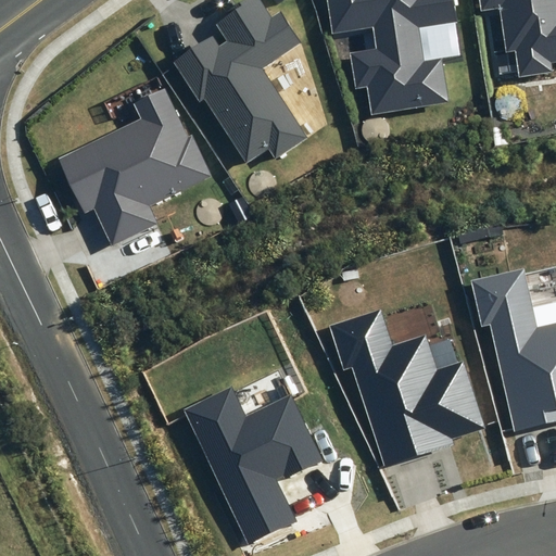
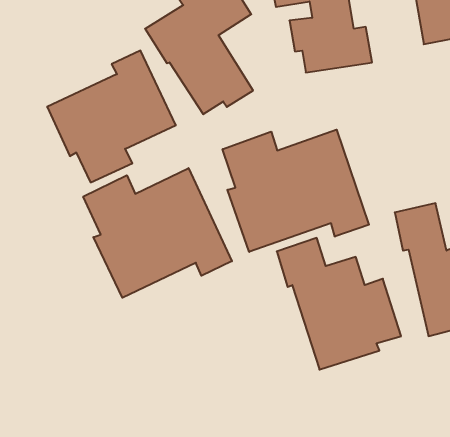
building: none -> [223,130,369,252]
building: none -> [83,168,232,298]
building: [184,386,323,543] -> none

